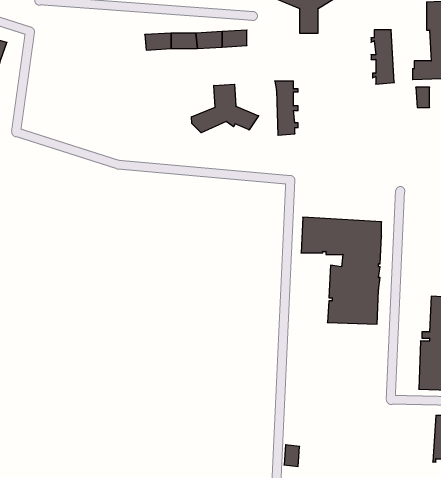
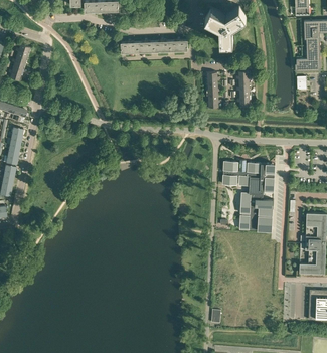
building: [371,30,394,84] -> [236,72,252,108]
building: [192,84,259,133] -> none

